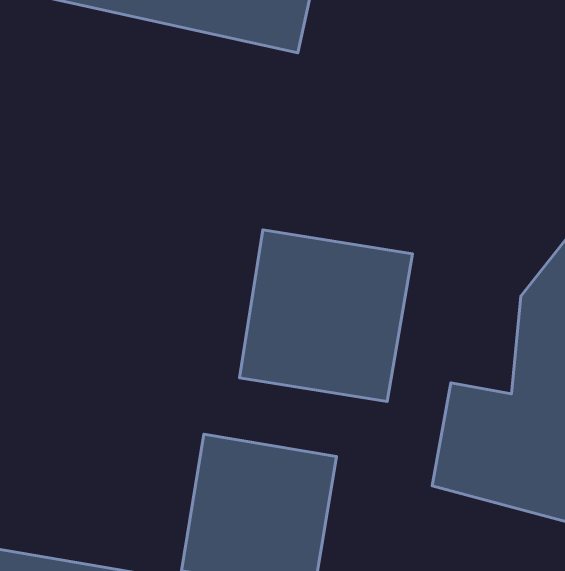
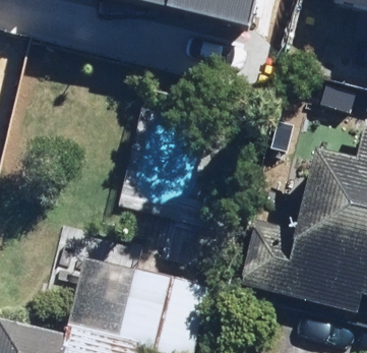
building: [240,230,412,401] -> none

